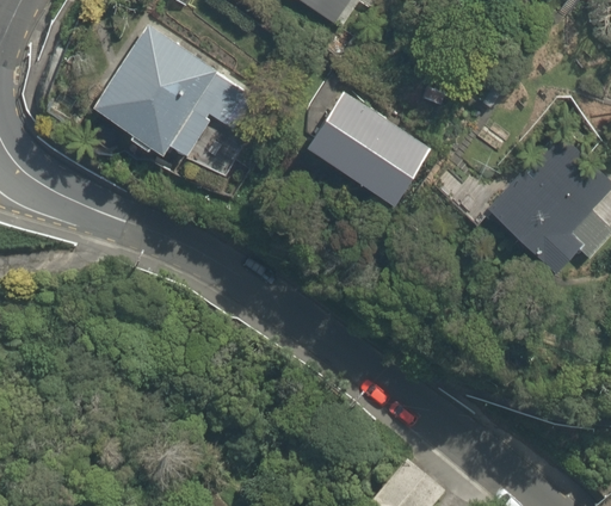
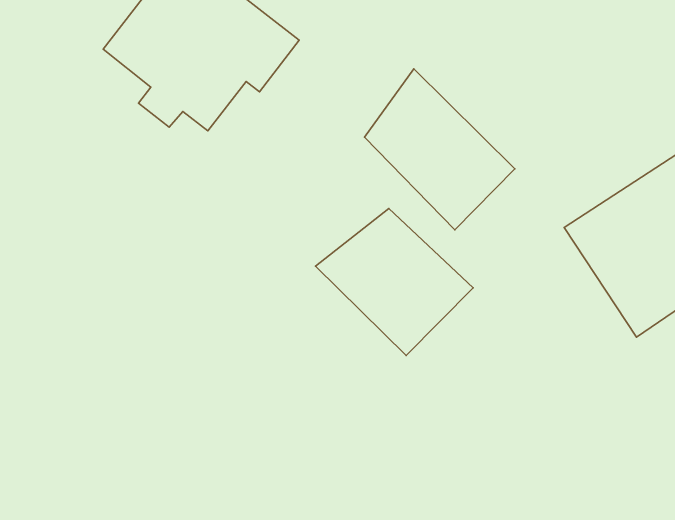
building: none -> [316,208,473,356]

